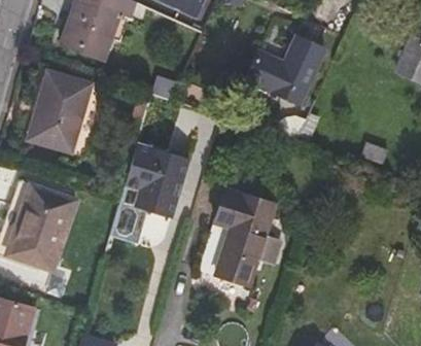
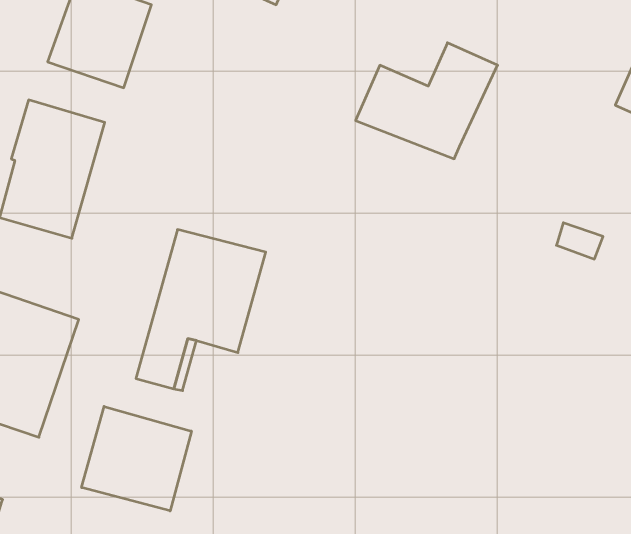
building: [201,185,283,281] -> none
building: none -> [82,406,191,511]

